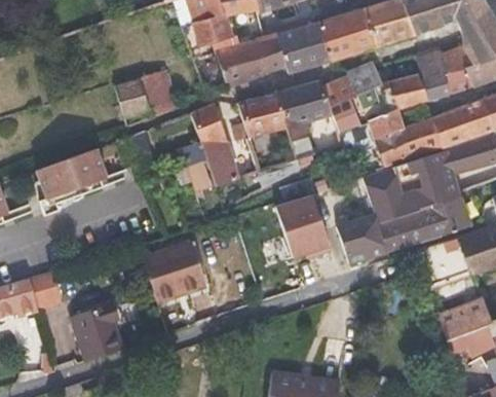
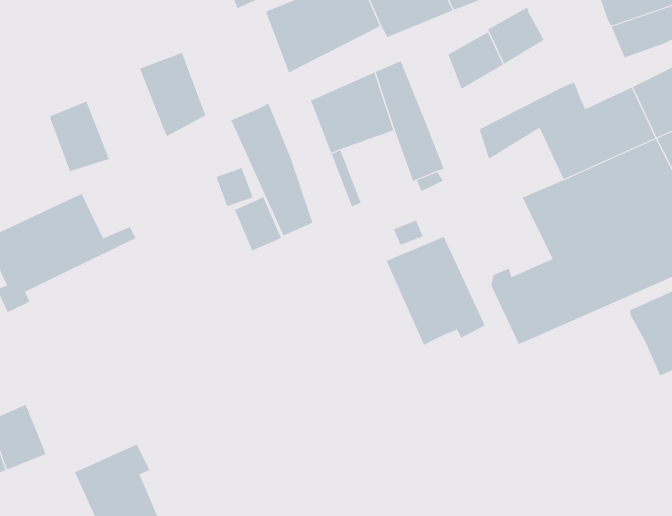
building: [383,74,428,112] -> none
building: [116,77,150,118] -> [49,101,110,172]
building: [296,79,333,122] -> none
building: [145,241,209,301] -> none

